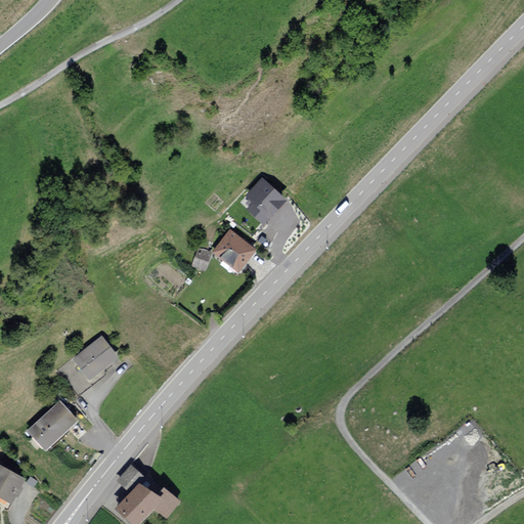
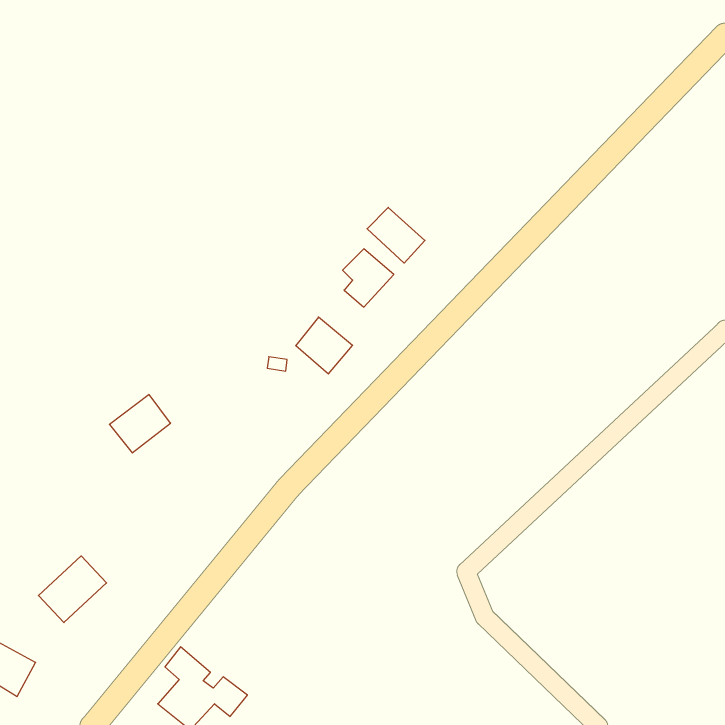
building: none -> [367,207,425,263]
building: [73,337,117,379] -> [109,395,171,453]

